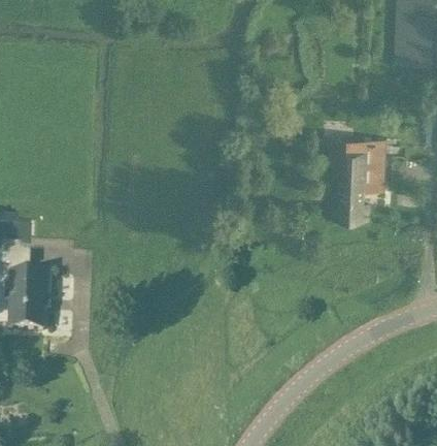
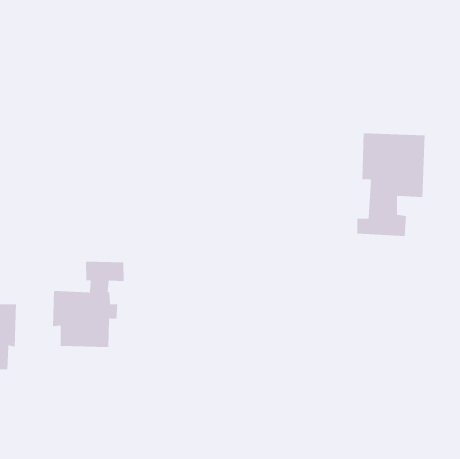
building: none -> [52,261,124,348]

